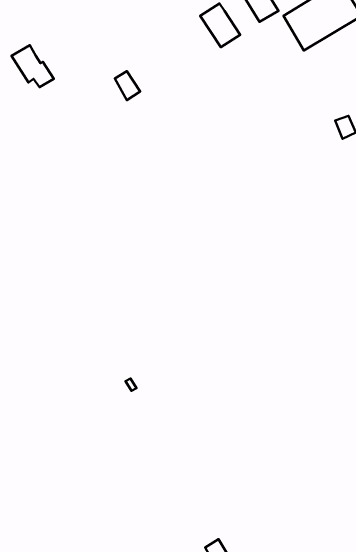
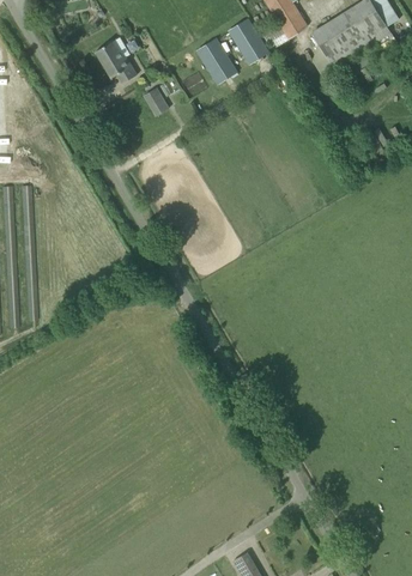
building: none -> [199,40,237,84]
building: [12,45,54,87] -> [96,41,138,83]

